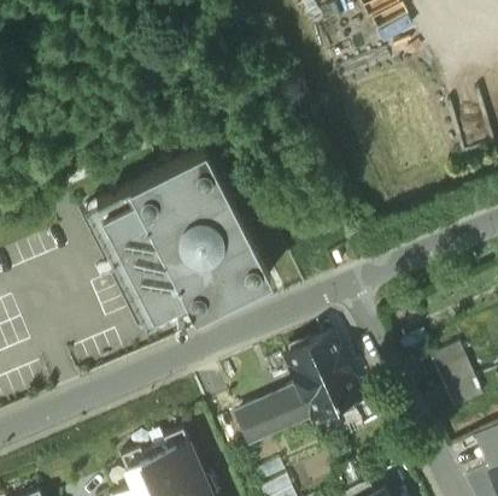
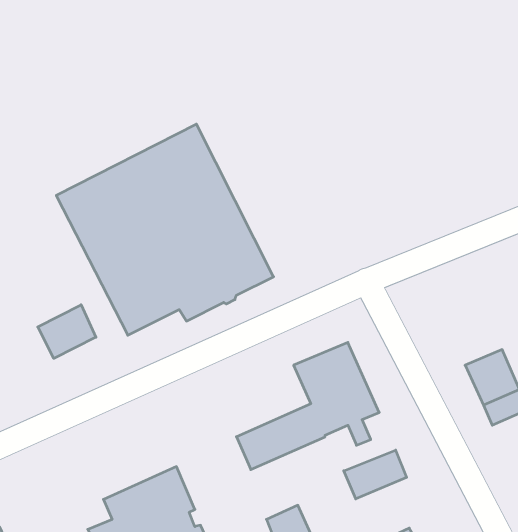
building: none -> [38,305,96,358]
building: none -> [344,450,407,499]

